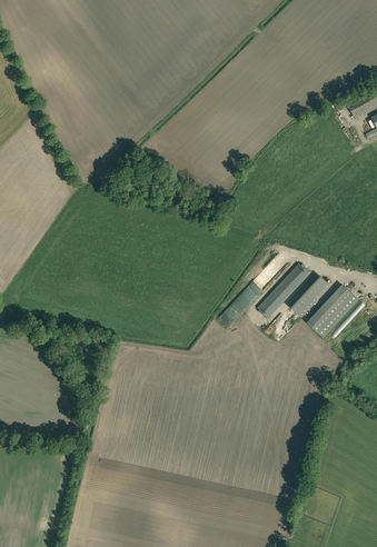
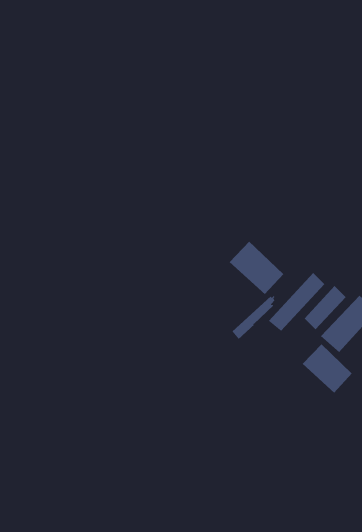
building: none -> [229,241,284,295]
building: none -> [302,344,353,394]

